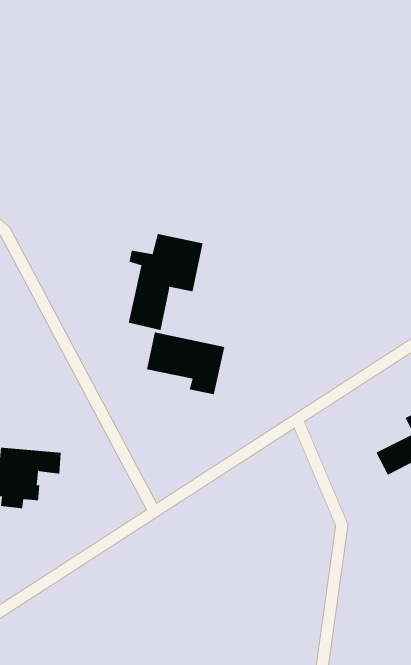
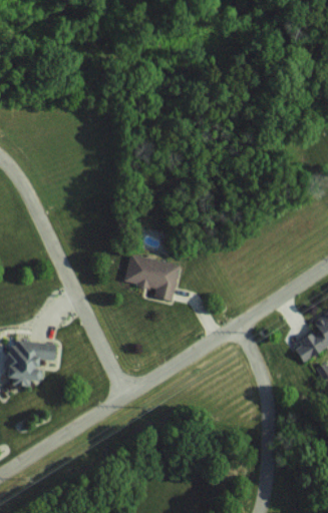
building: [128,233,203,331] -> none

